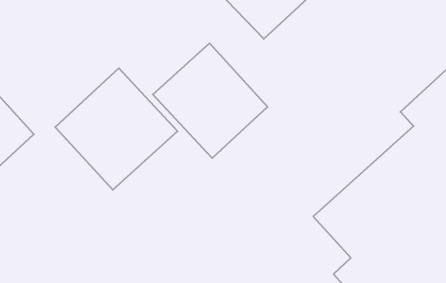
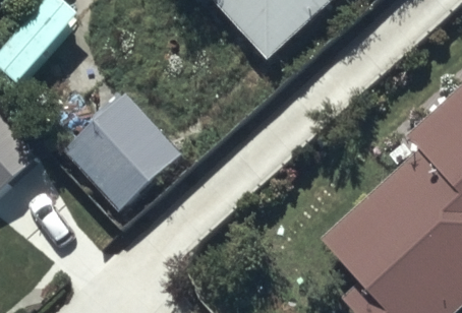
building: [153,43,268,158] -> none

